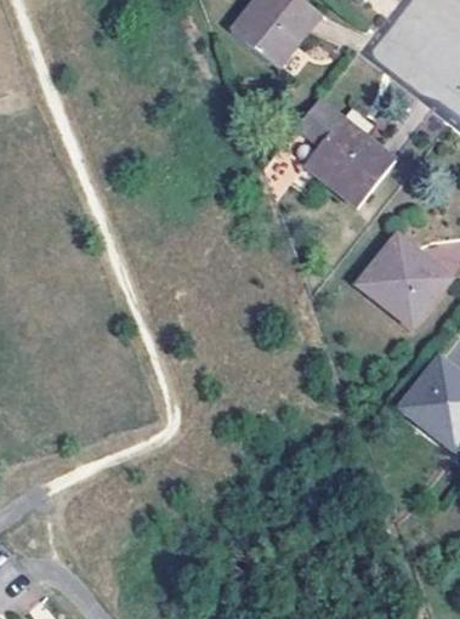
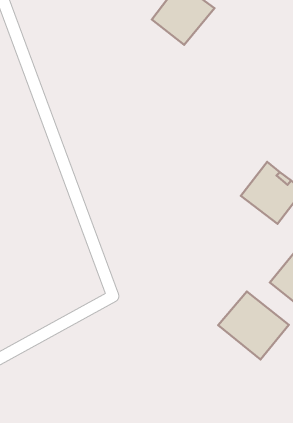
building: [294,97,393,206] -> none
building: none -> [218,291,289,360]

